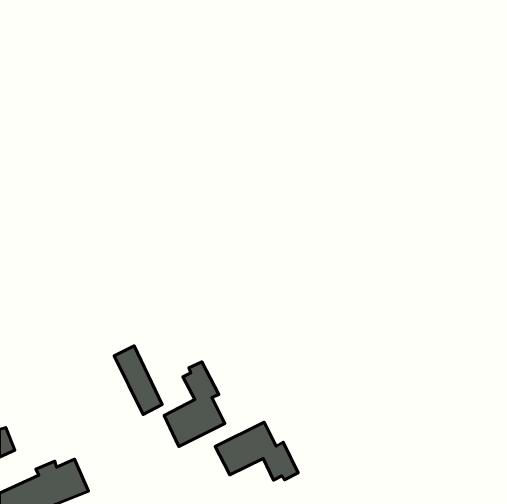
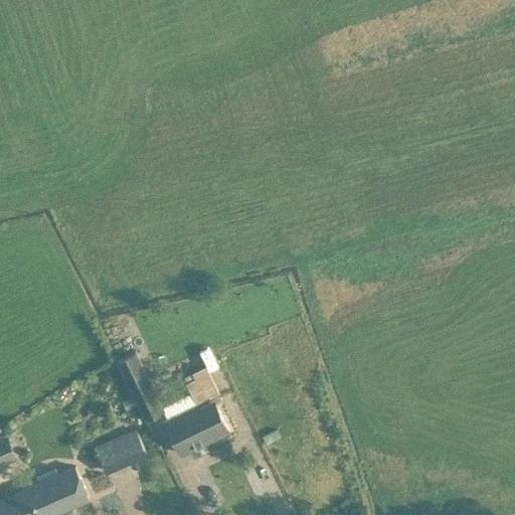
building: [215,422,298,480] -> none
building: none -> [95,432,145,475]

